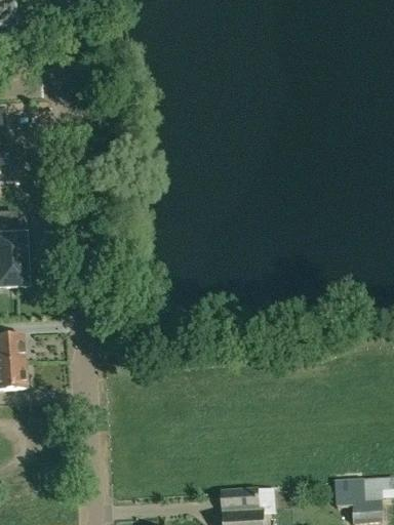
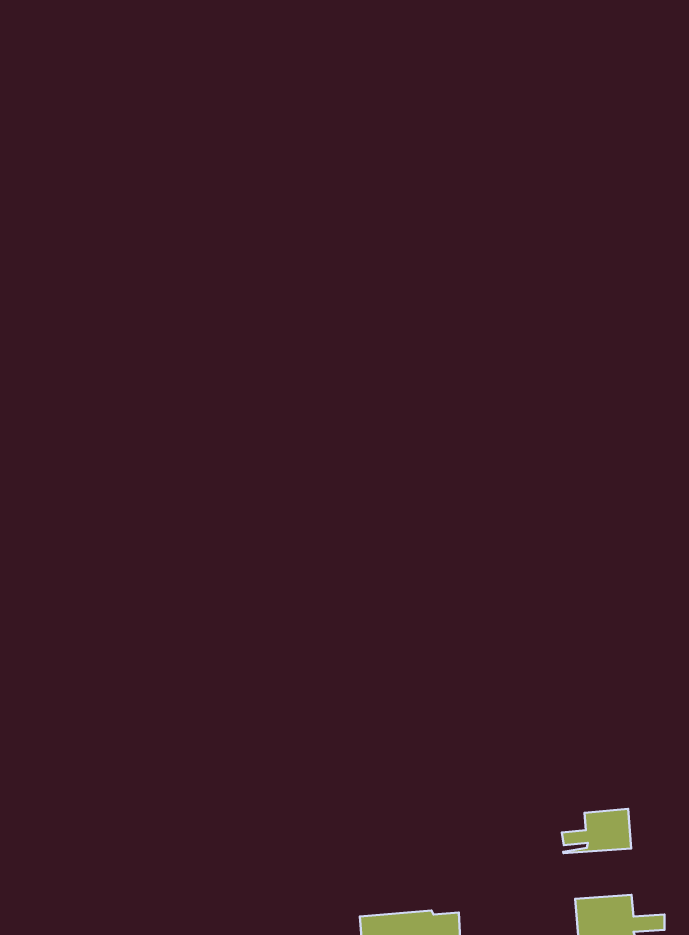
building: none -> [562,809,631,853]

